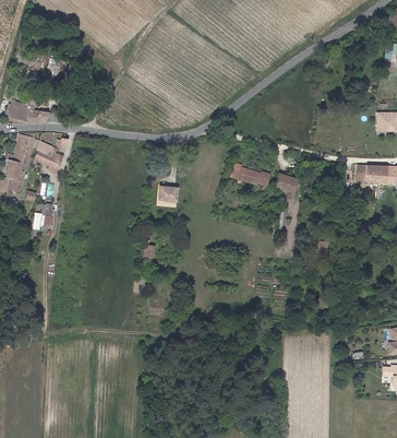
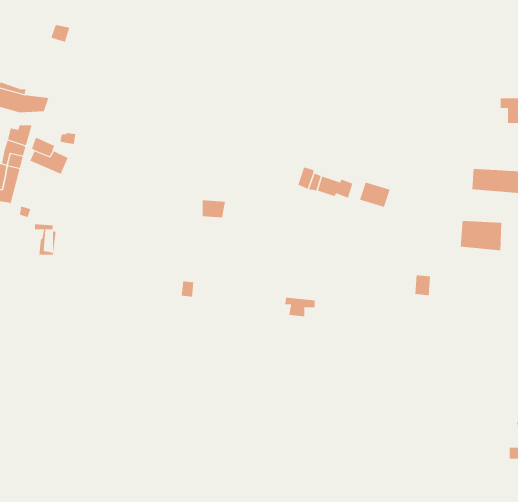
building: none -> [460,220,502,251]

